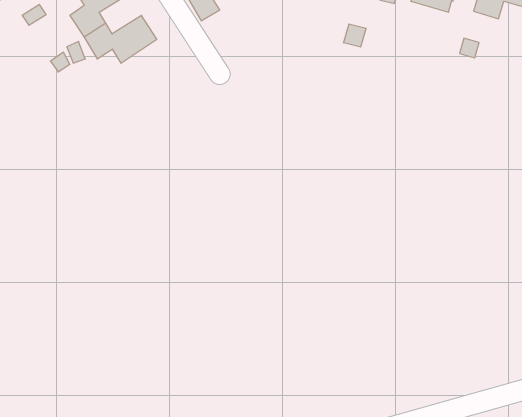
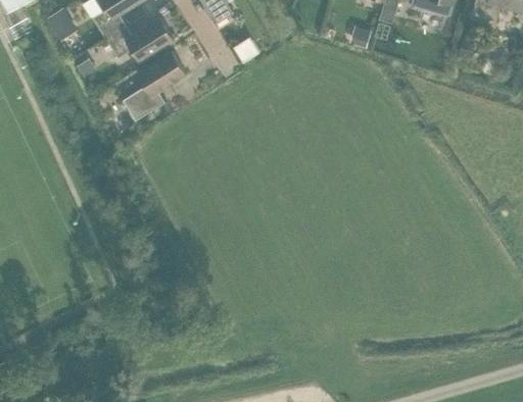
building: none -> [123,51,186,120]

